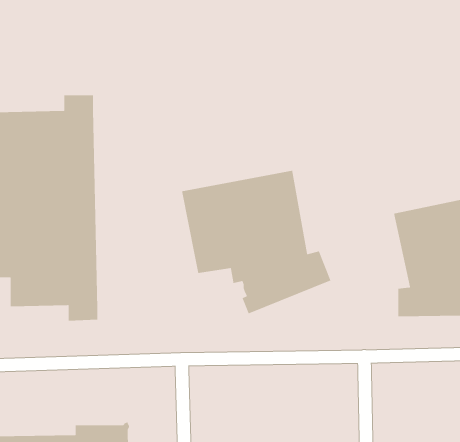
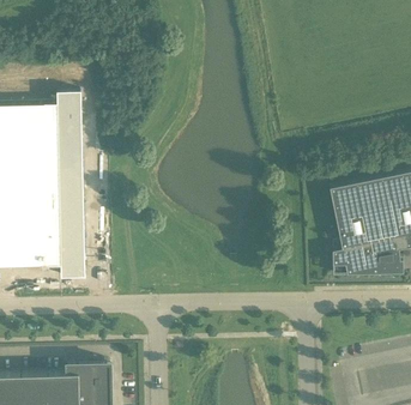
building: [181,170,331,314] -> none

